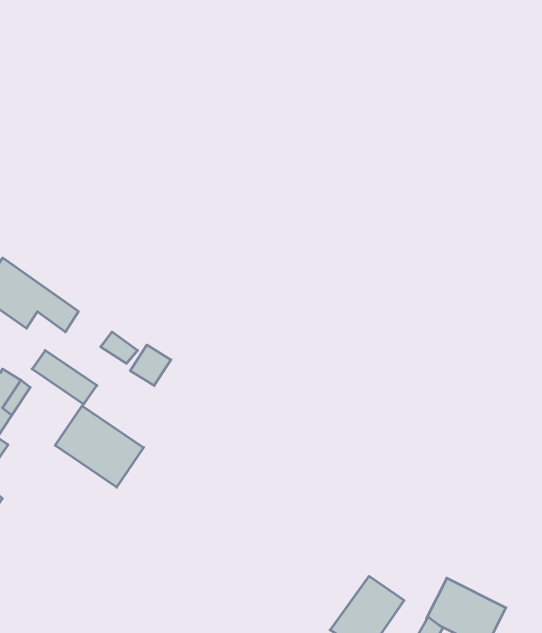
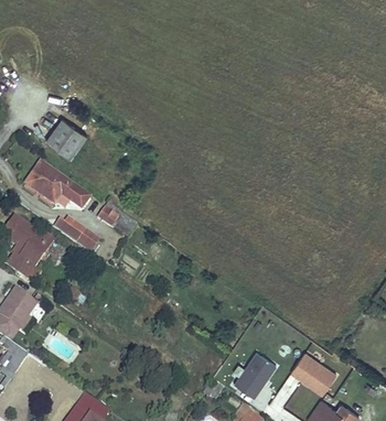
building: none -> [45,116,85,154]
building: [55,406,144,487] -> none

